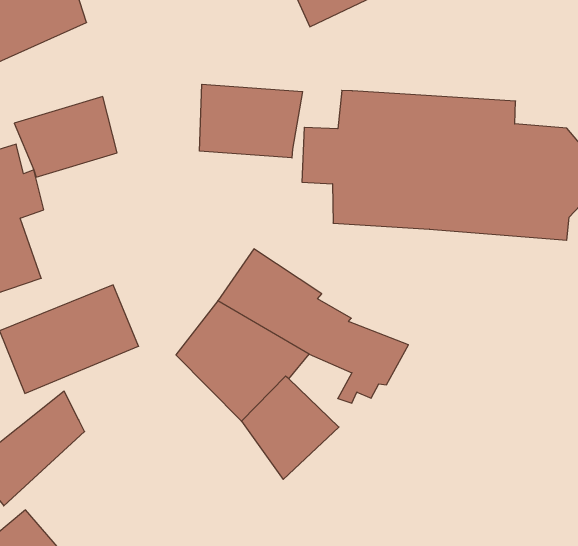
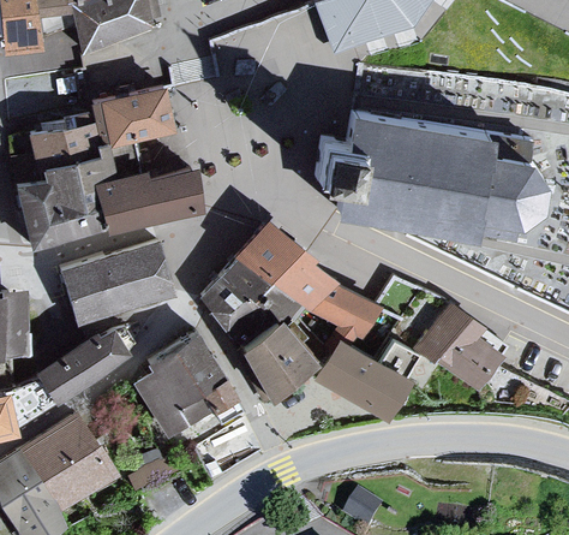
building: [200,84,303,158] -> none
building: none -> [89,165,197,233]
building: none -> [413,305,502,397]
building: none -> [319,343,413,424]
building: none -> [132,331,236,440]

